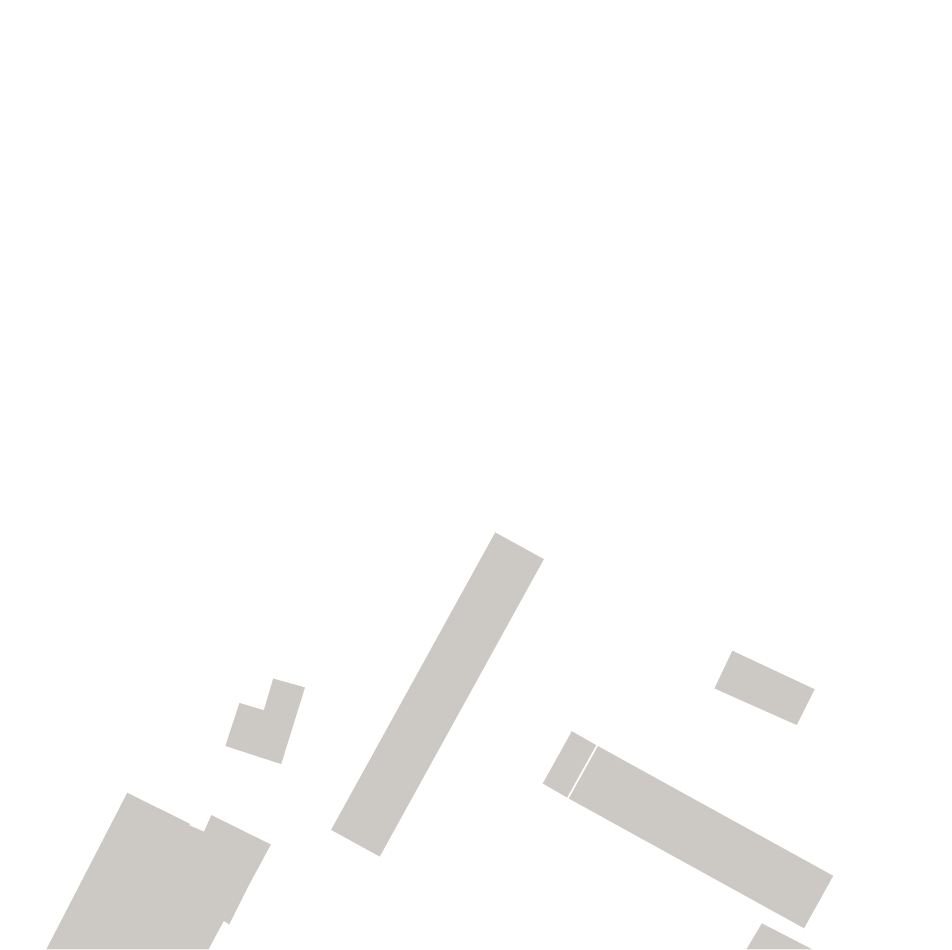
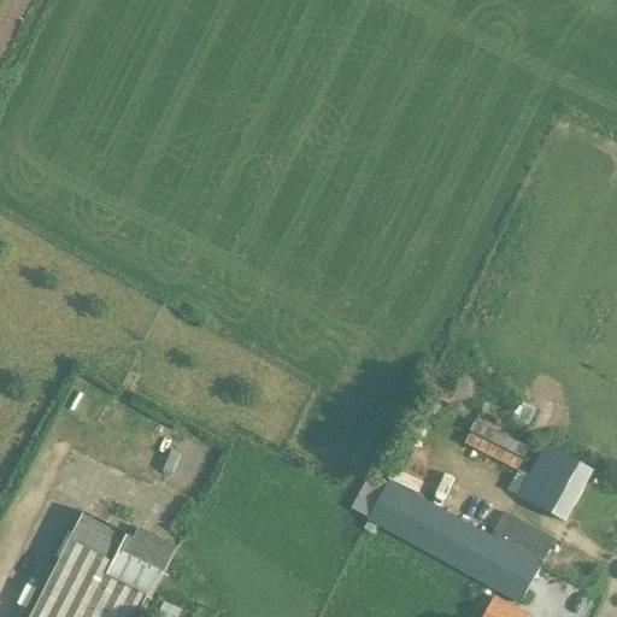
building: [330,531,545,858] -> none
building: none -> [517,443,592,521]
building: none -> [490,511,553,560]

